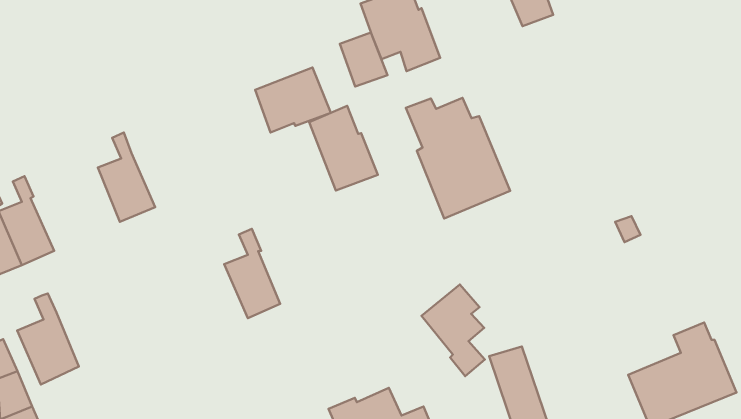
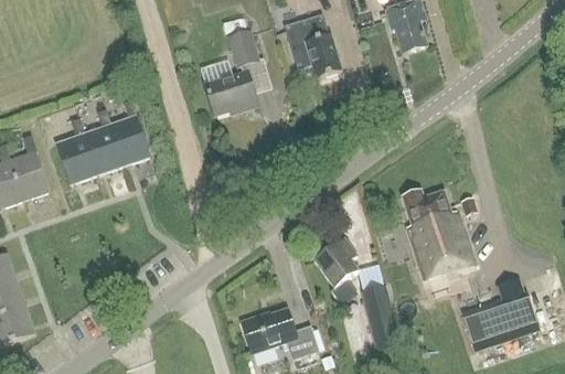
building: [340,33,387,86] -> [227,29,260,67]
building: [406,98,510,218] -> [402,190,473,278]
building: [309,106,378,191] -> none
building: [224,229,280,318] -> [110,99,149,164]
building: [17,293,79,384] -> [55,118,98,184]

